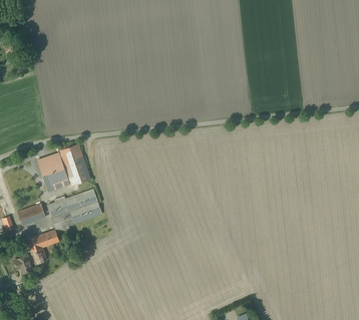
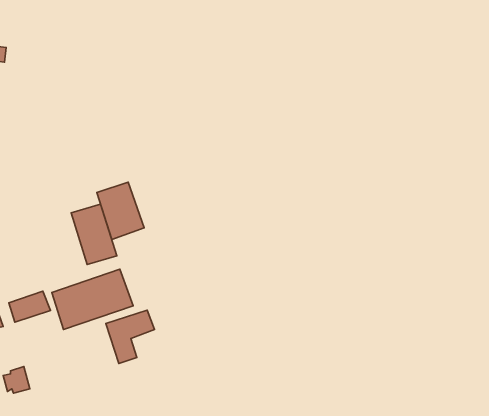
building: [37,152,69,192] -> [97,182,144,240]
building: [27,230,60,266] -> [106,310,154,363]

